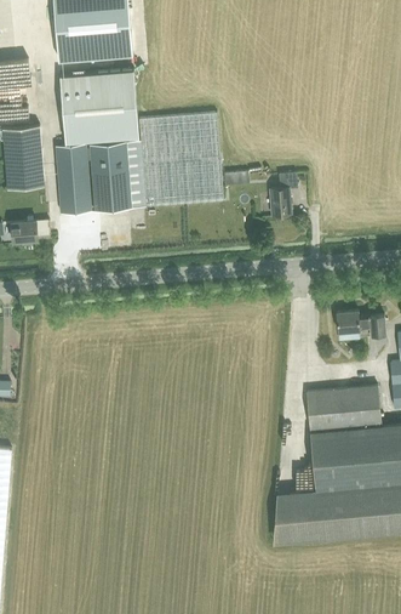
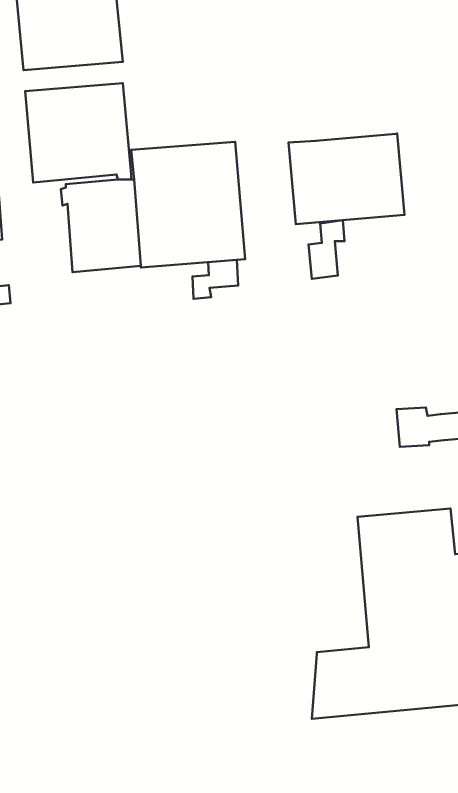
building: none -> [289,133,405,224]
building: [56,146,91,214] -> none
building: none -> [193,260,238,299]

